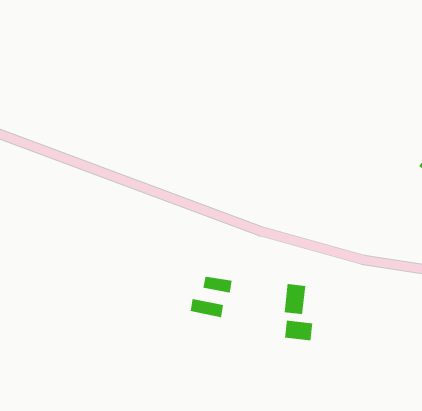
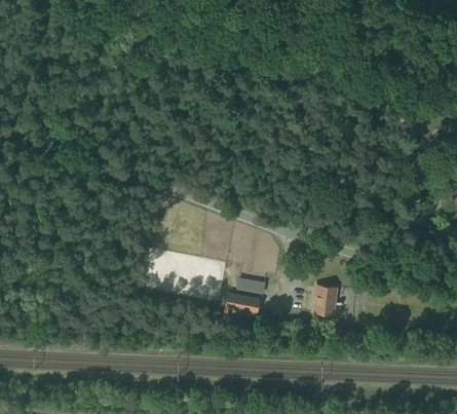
building: [284,320,313,341] -> none

